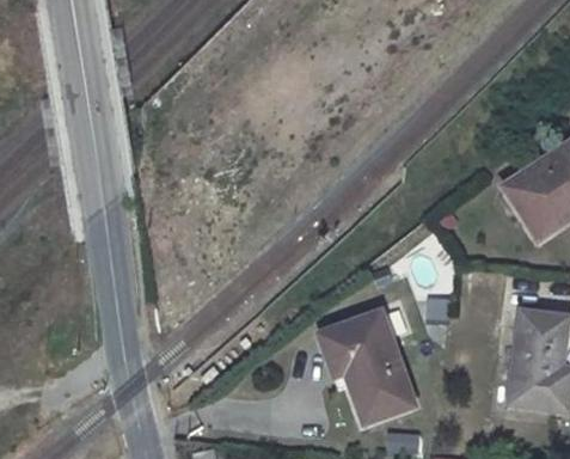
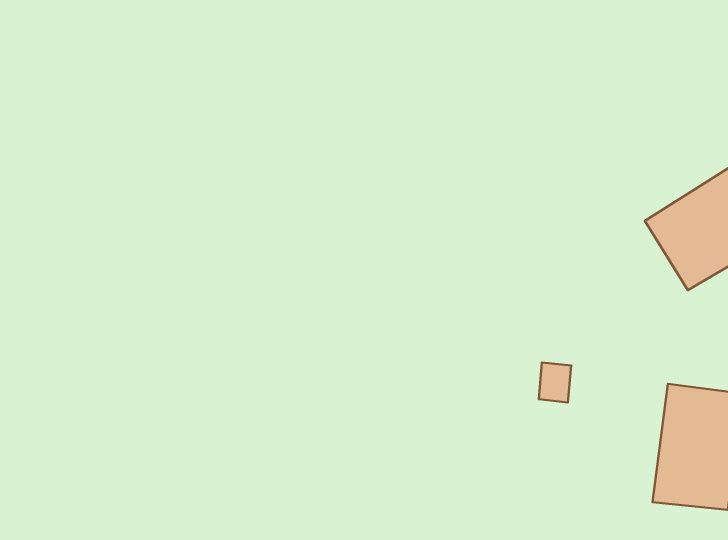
building: [330,313,413,423] -> none

